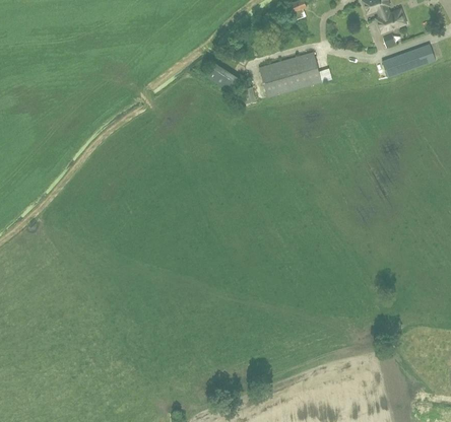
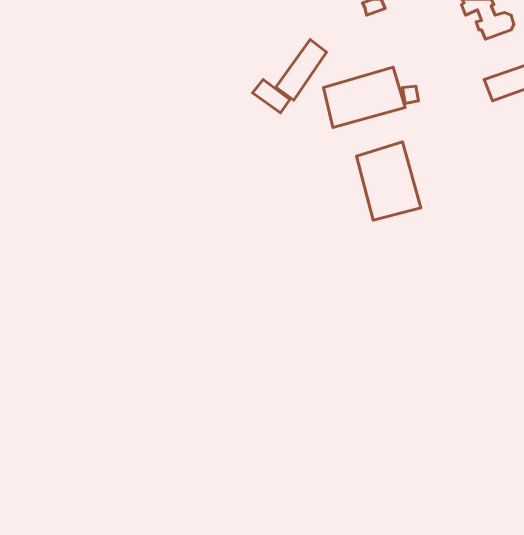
building: none -> [276,40,327,100]
building: none -> [356,142,421,220]

